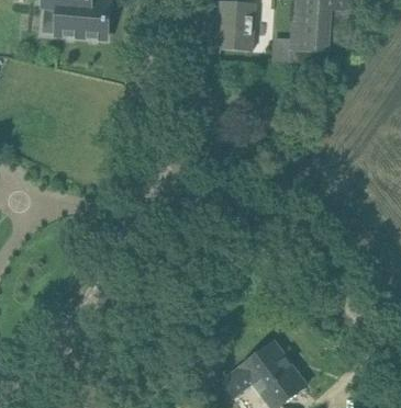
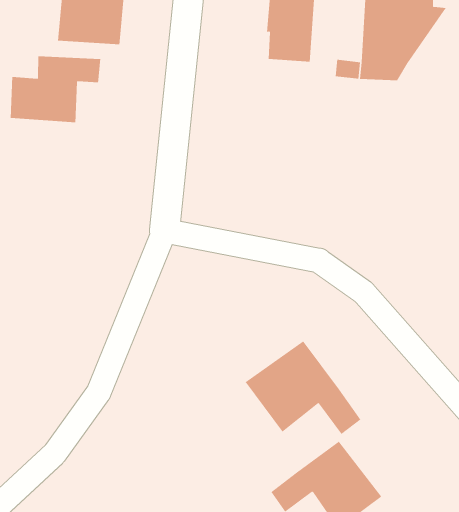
building: none -> [10,56,101,123]
building: none -> [245,341,361,435]

